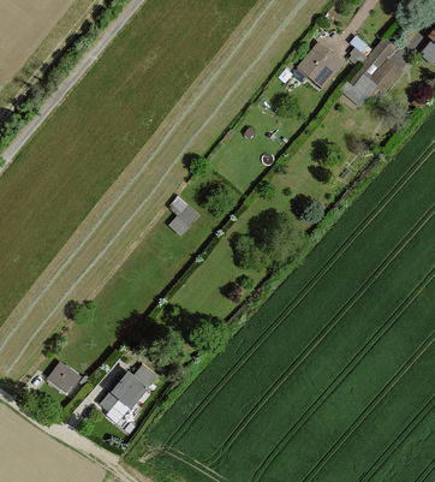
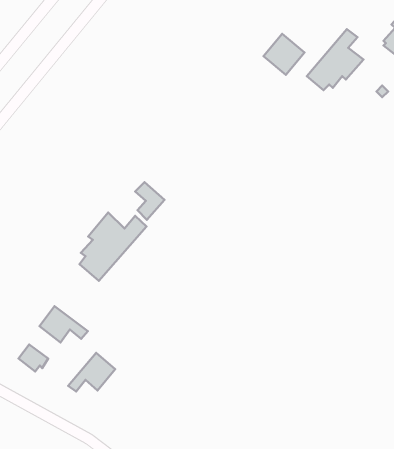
building: none -> [80,213,147,281]
building: none -> [40,306,88,342]

